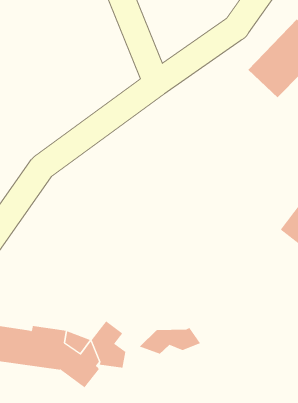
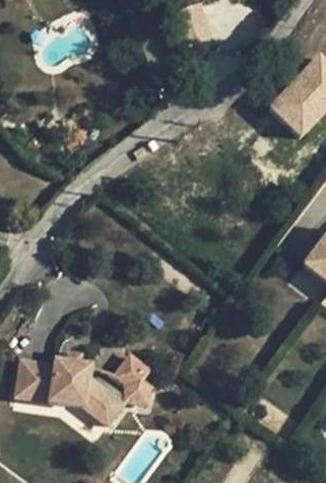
building: [139,327,201,355] -> none

